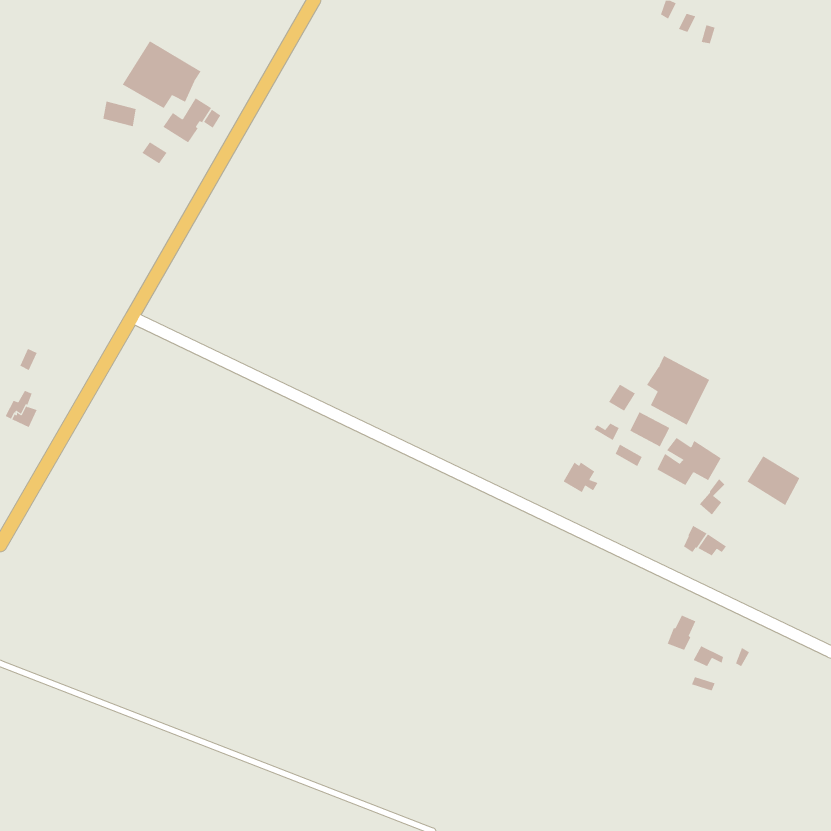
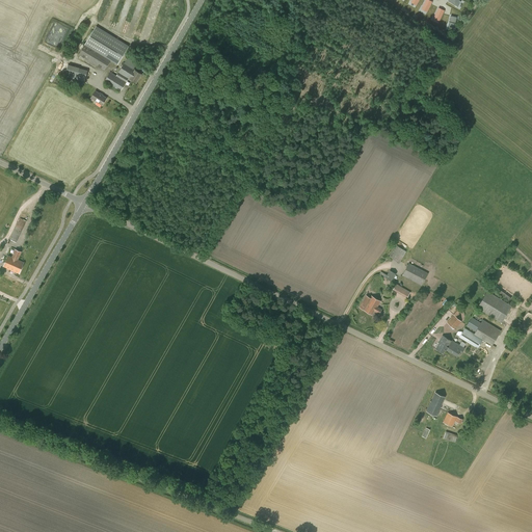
building: [646,355,710,426] -> none
building: [657,437,722,486] -> [459,317,501,348]

